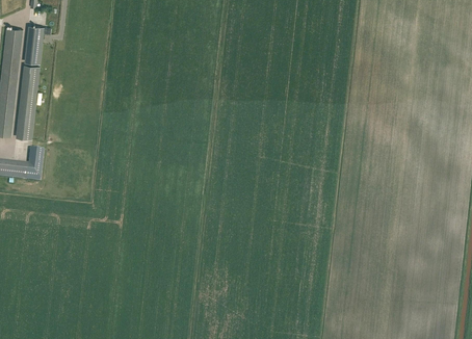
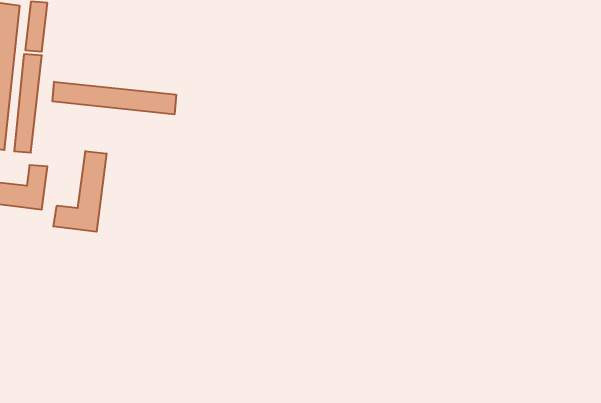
building: none -> [52,82,176,114]
building: none -> [53,151,106,232]

